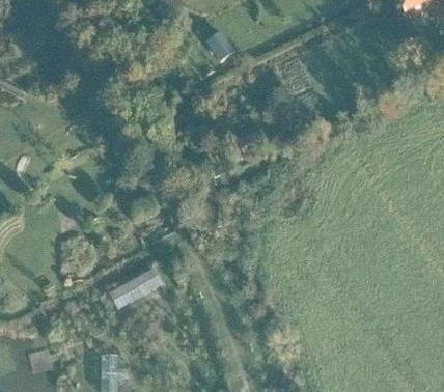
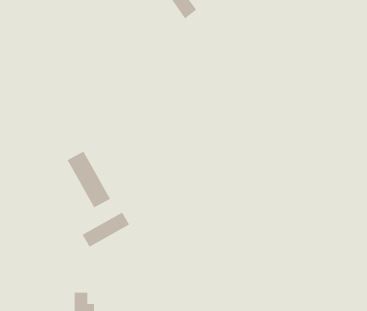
building: none -> [67,150,111,209]

